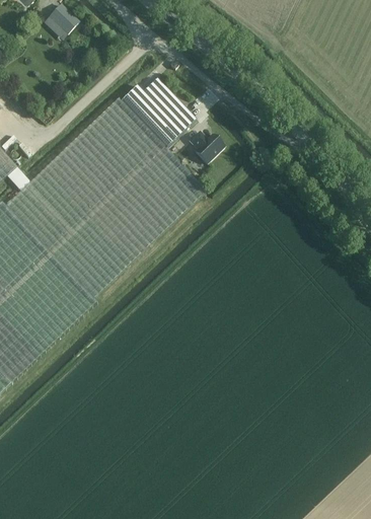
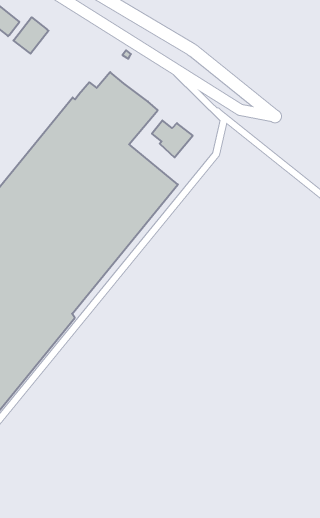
building: none -> [13,17,49,54]

